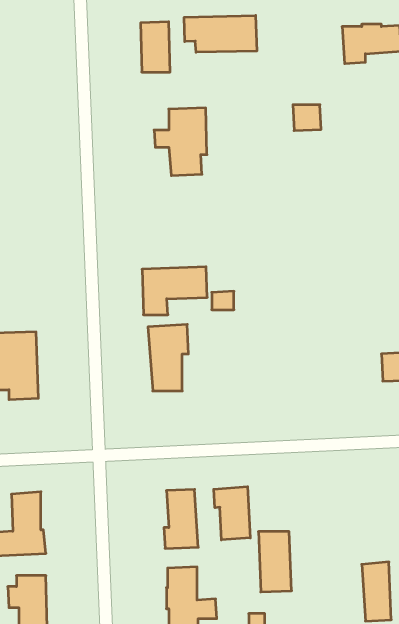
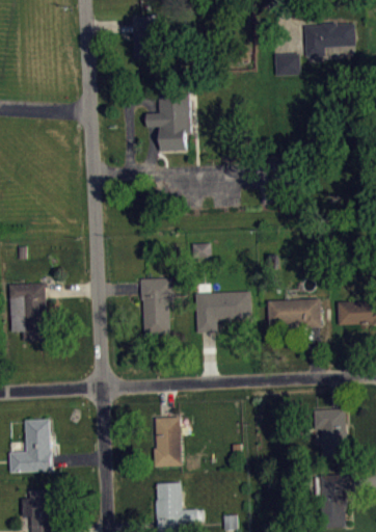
building: [184,15,257,52] -> none
building: [293,105,321,131] -> [274,55,298,77]
building: [142,267,207,315] -> [194,292,249,332]
building: none -> [267,298,320,328]
building: [214,487,250,540] -> none
building: [258,532,292,592] -> [319,409,347,460]

